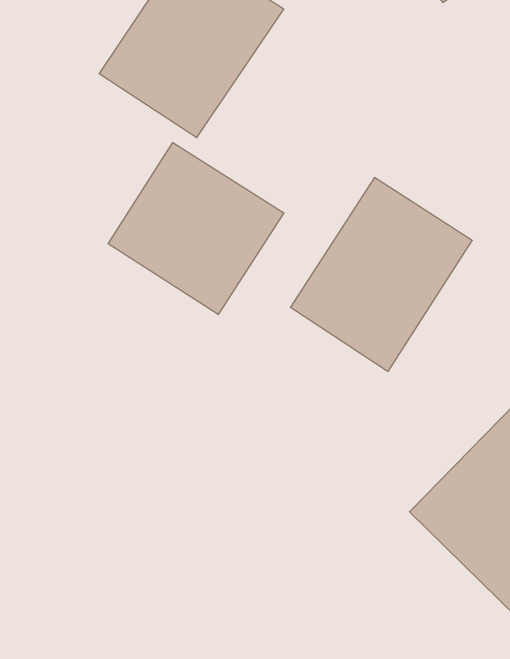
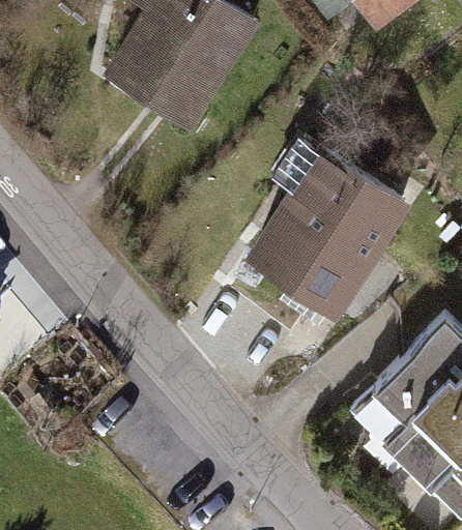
building: [108,142,284,315] -> none

